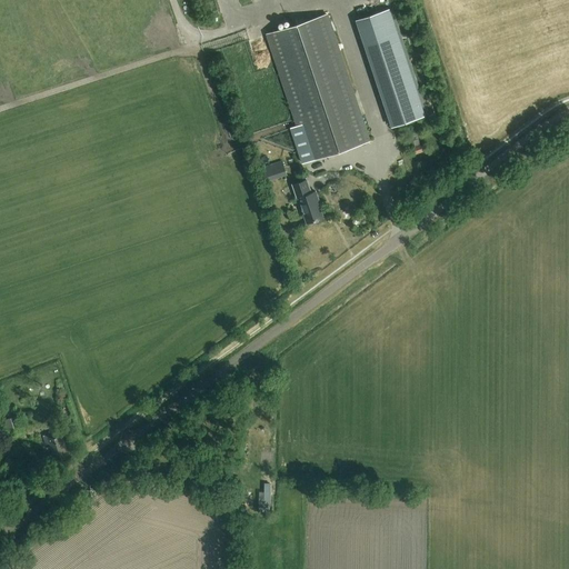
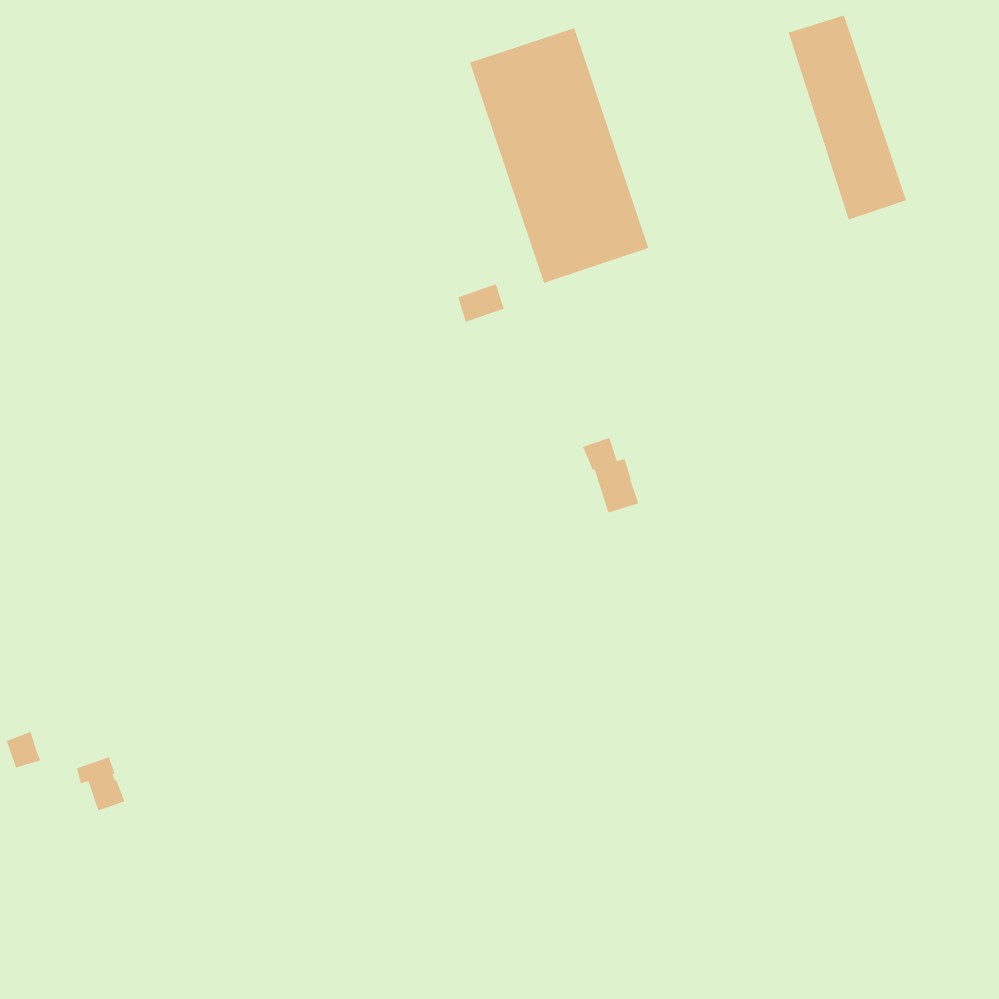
building: [357,10,425,127] -> [788,15,907,220]
building: [291,180,323,223] -> [582,437,639,513]

